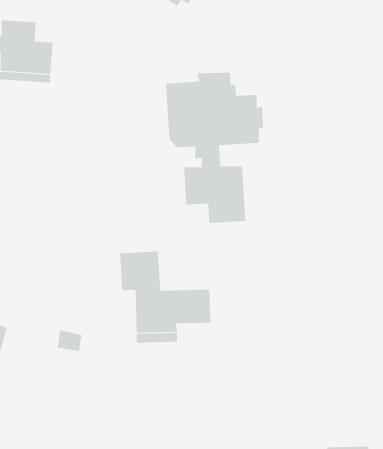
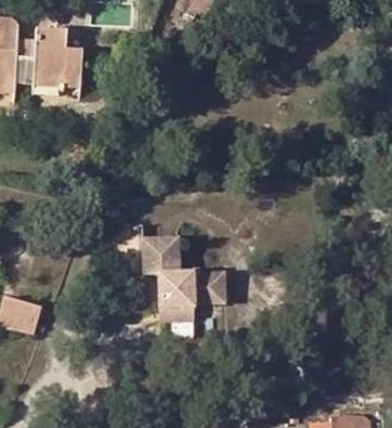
building: [165,72,264,224] -> none

